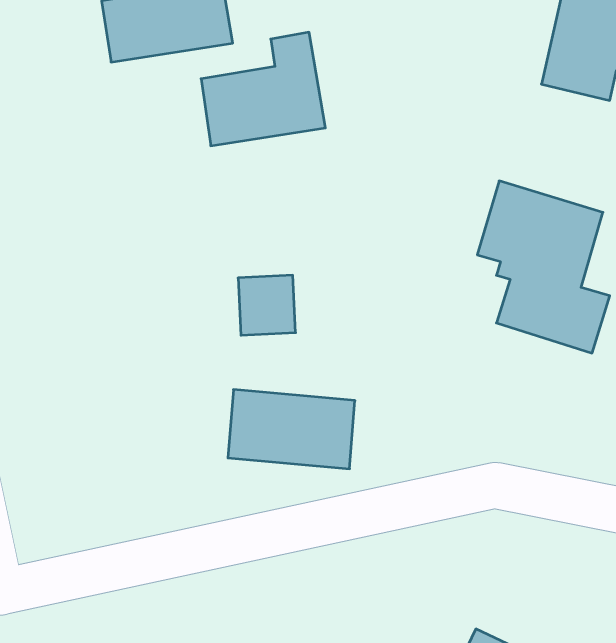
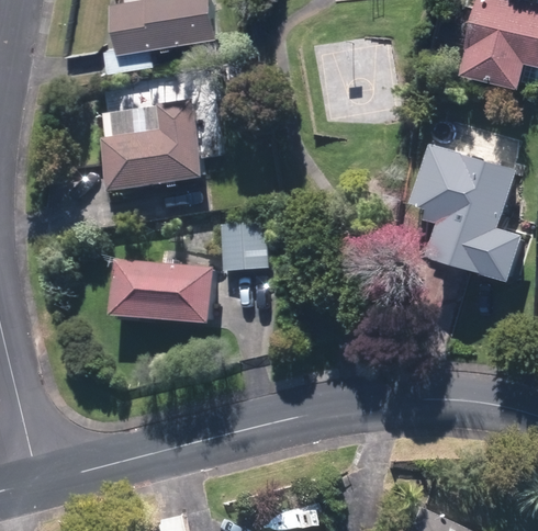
building: [201,32,325,146] -> [101,102,201,193]
building: [228,390,355,469] -> [110,261,212,325]

